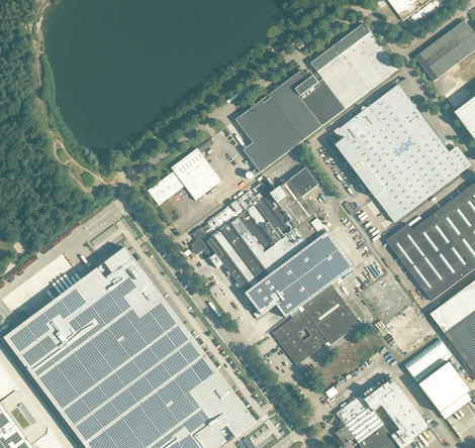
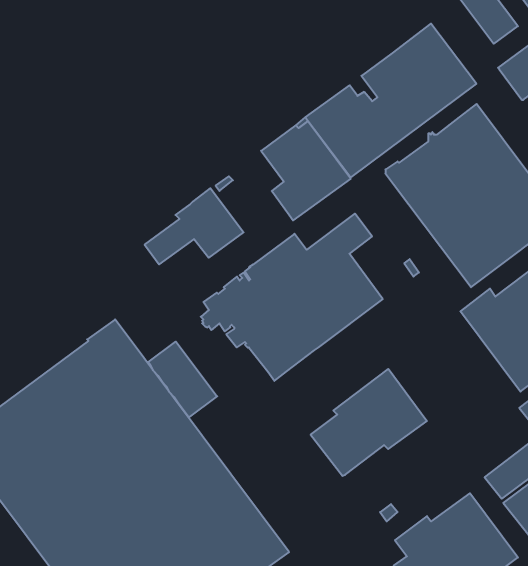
building: [245,231,353,319] -> none
building: none -> [148,342,217,417]

